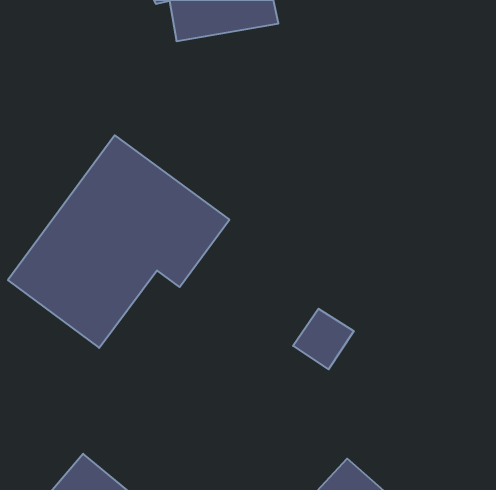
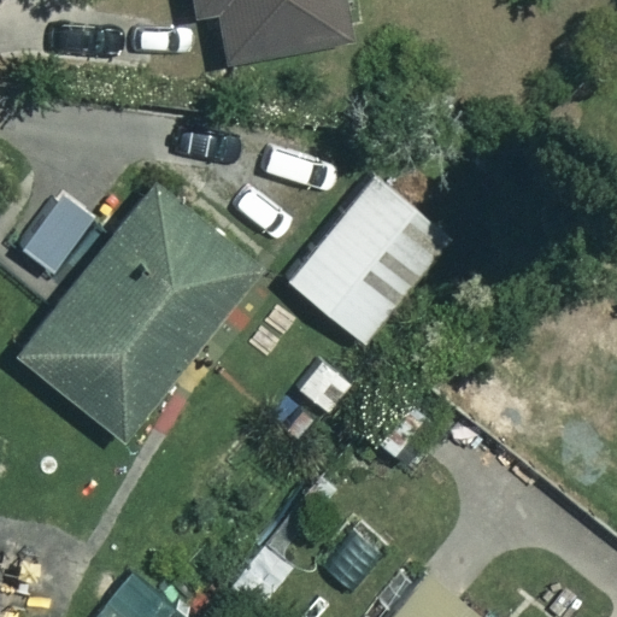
building: none -> [289,177,452,345]

